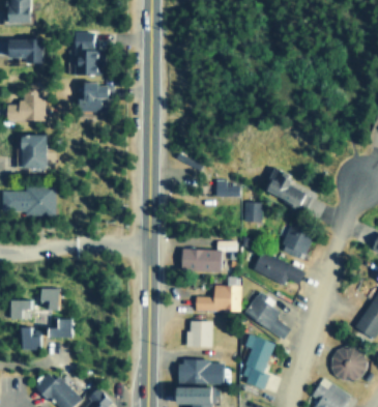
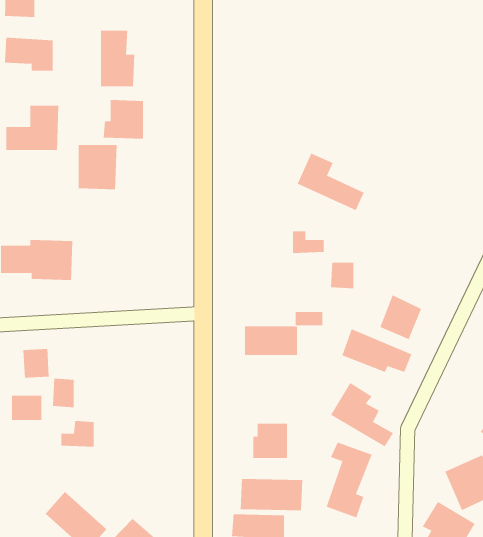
building: [19,136,48,169] -> [78,145,117,190]
building: [264,168,314,210] -> [297,153,364,211]
building: [197,285,242,312] -> none
building: [21,328,40,350] -> [23,348,49,378]

